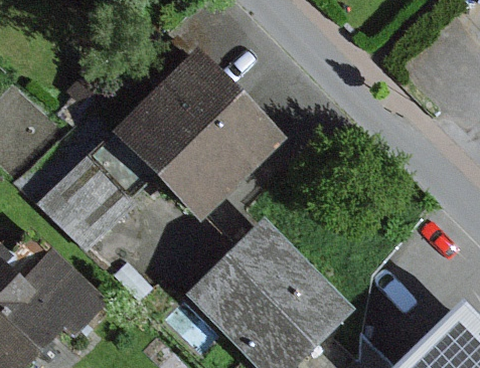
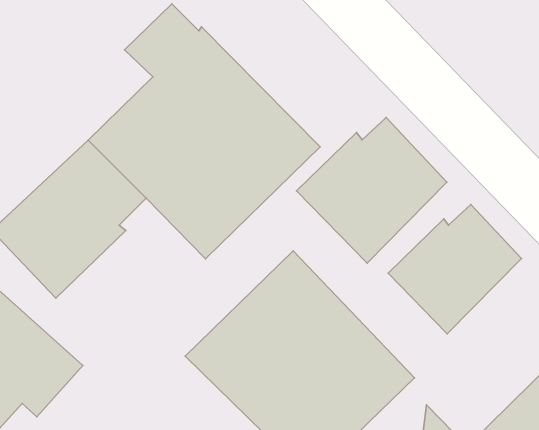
building: none -> [297,118,447,263]
building: none -> [388,204,522,334]

